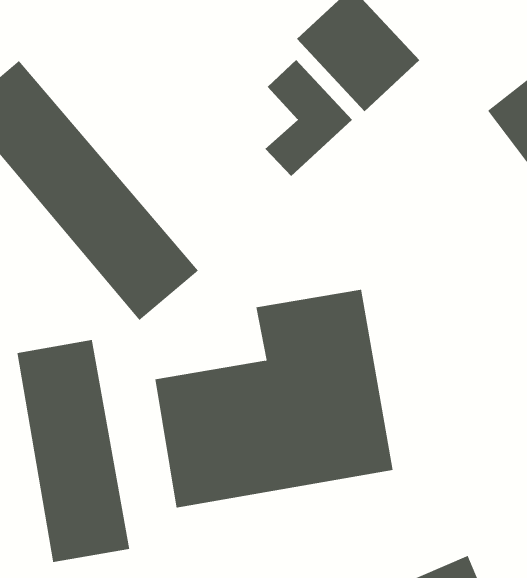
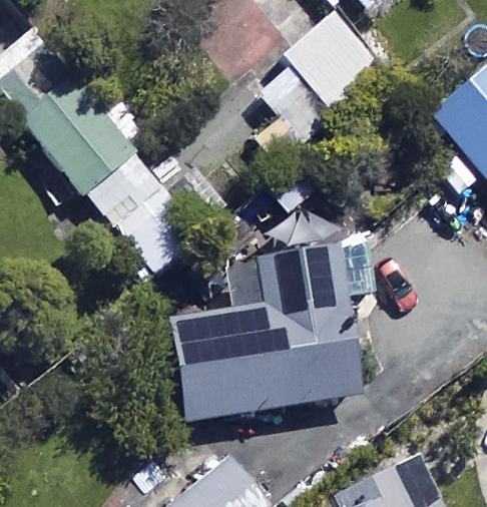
building: [17,339,130,563] -> none

